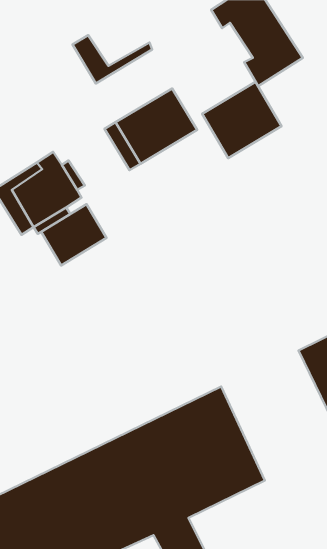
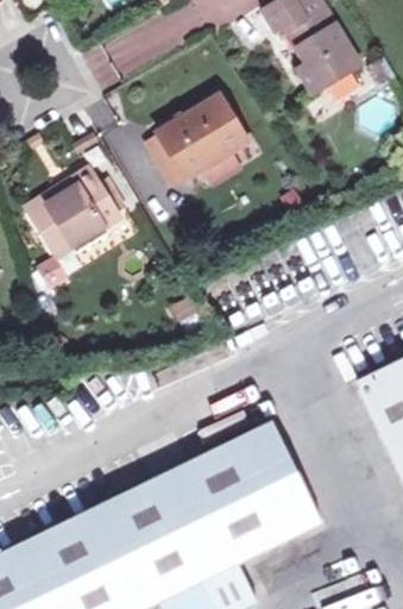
building: [72,35,152,84] -> none
building: [202,82,282,158] -> none
building: [41,204,107,265] -> none

